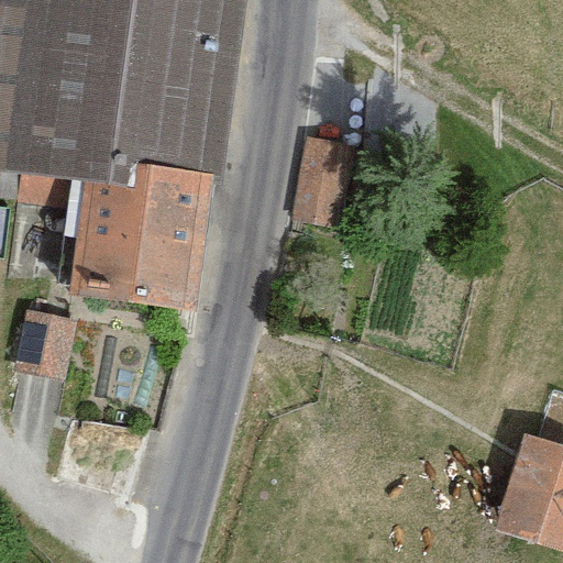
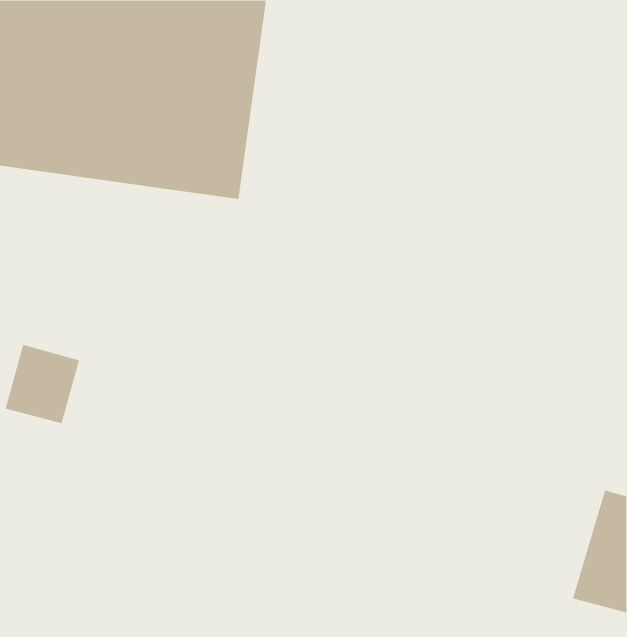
building: [289,141,356,231] -> none
building: [75,159,211,302] -> none

